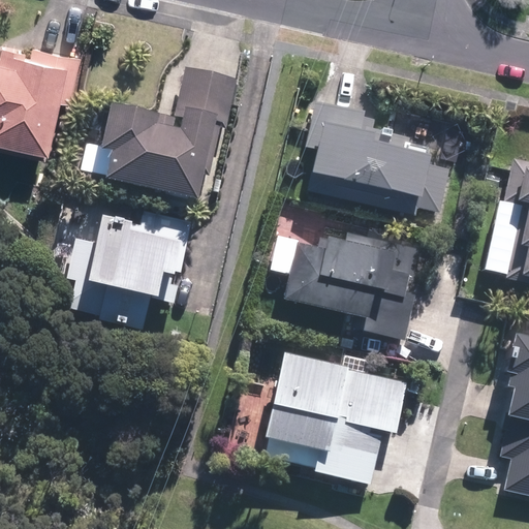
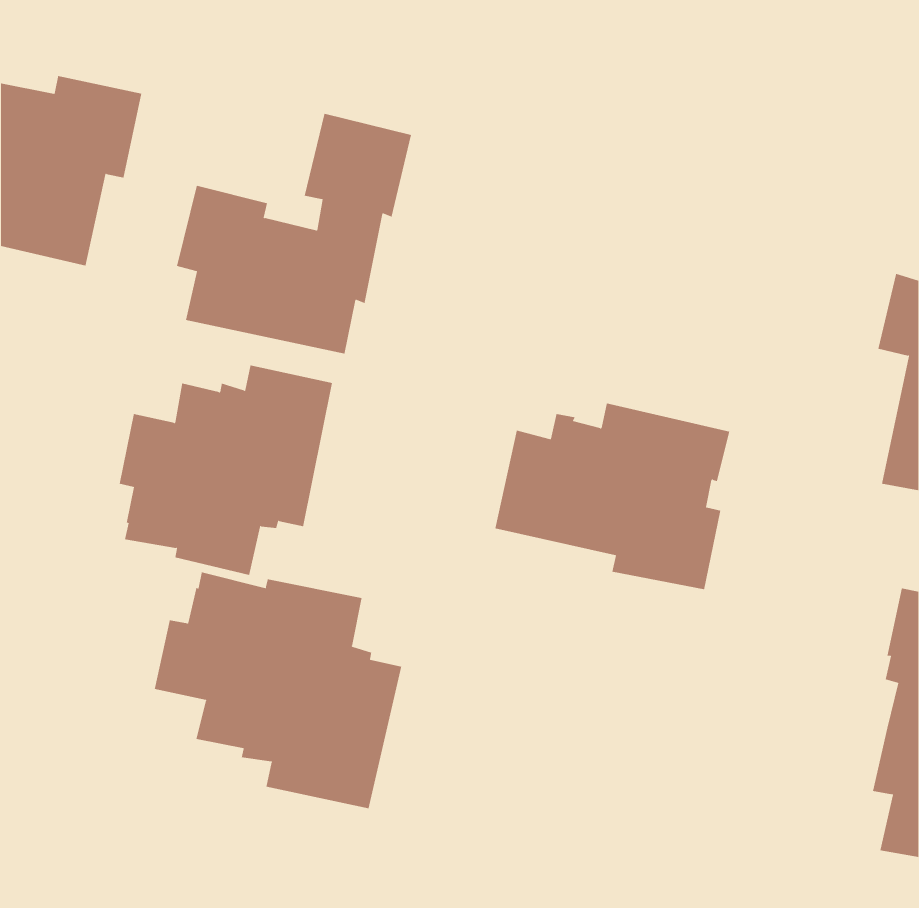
building: [305,100,450,215] -> none
building: none -> [154,572,402,809]
building: [258,349,404,485] -> none

